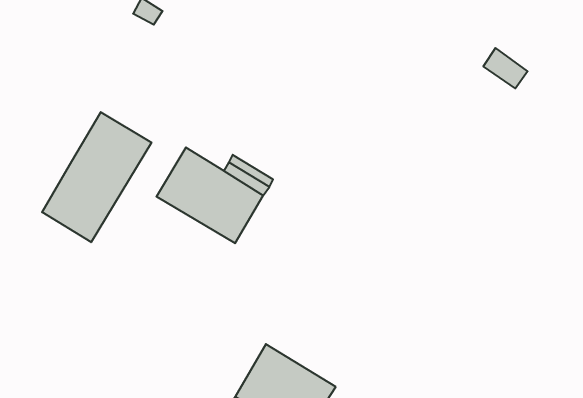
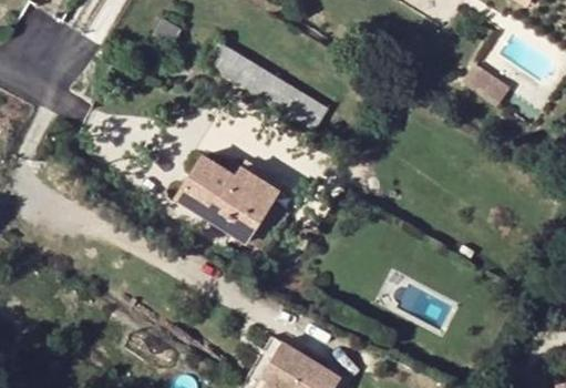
building: none -> [207,48,328,133]
building: [42,112,151,242] -> none

